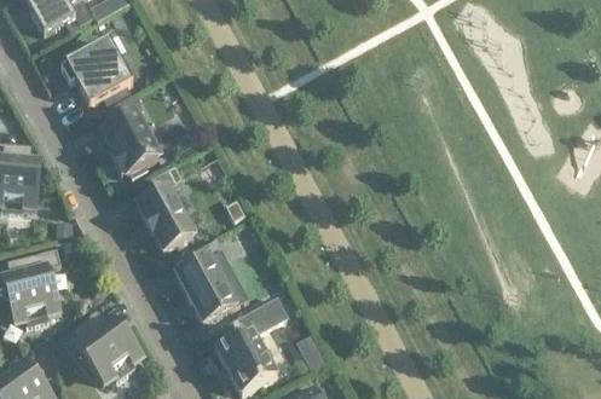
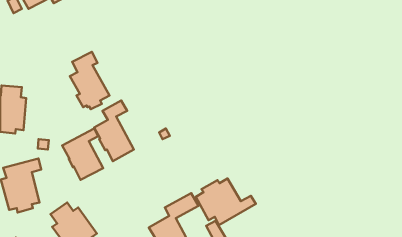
building: [62,40,133,104] -> none
building: [177,249,236,323] -> [62,129,103,180]
building: none -> [196,178,256,225]

